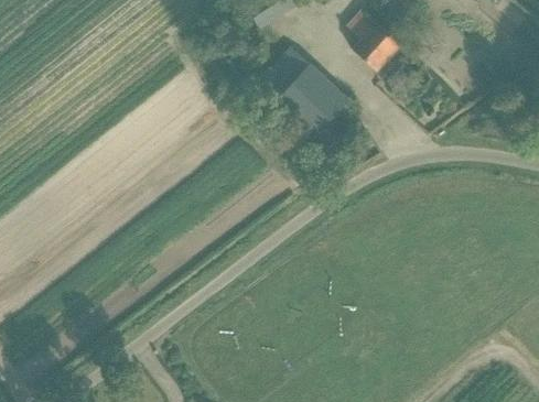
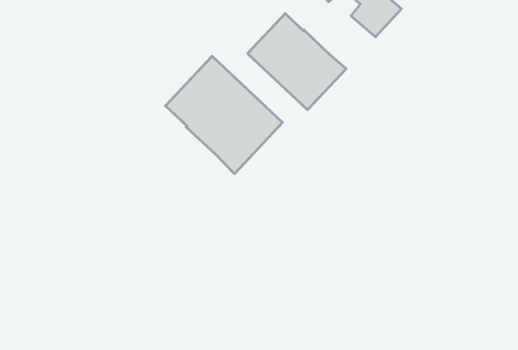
building: none -> [165,56,283,174]

